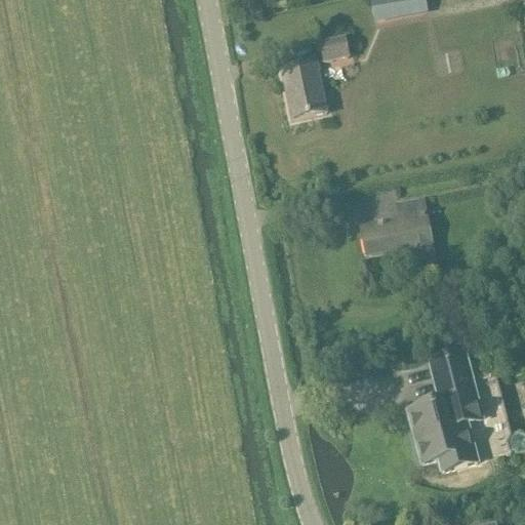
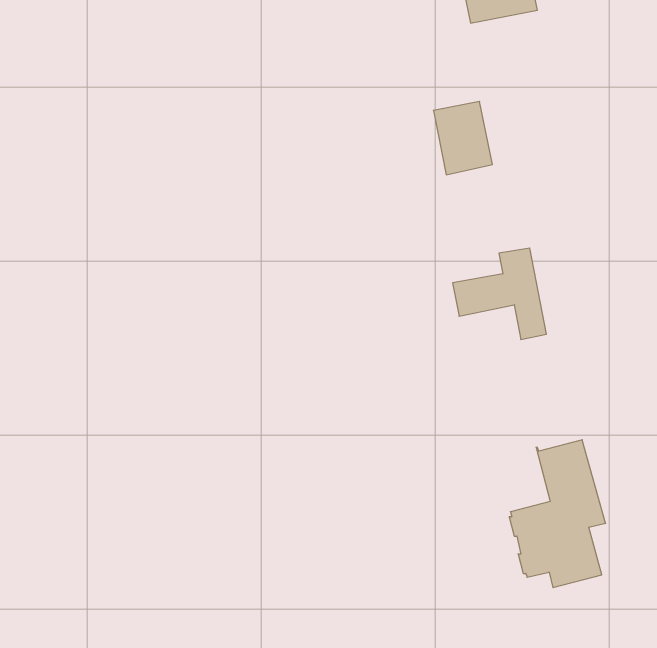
building: [319,32,351,59] -> none
building: [280,58,327,117] -> [433,101,492,175]

